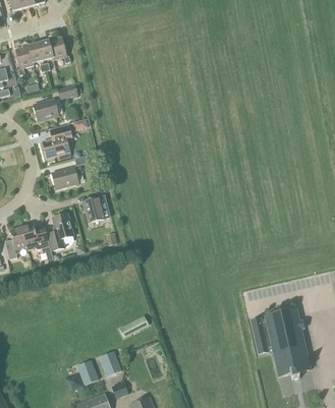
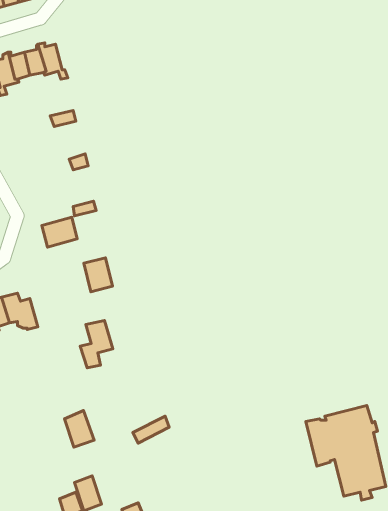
building: [34,99,59,120] -> none
building: [44,125,72,158] -> none
building: [49,214,73,249] -> [80,320,113,368]
building: [98,351,120,378] -> [64,411,94,447]

